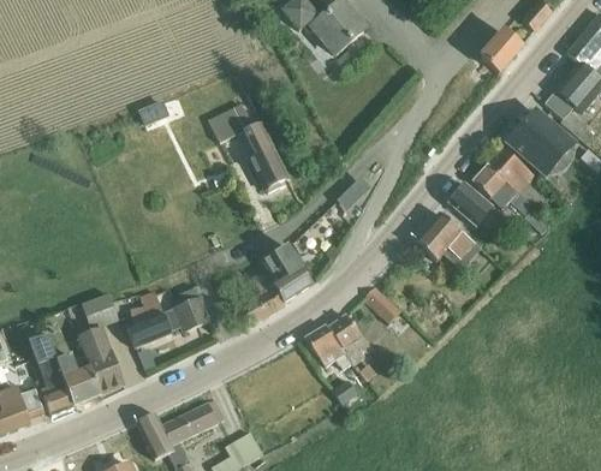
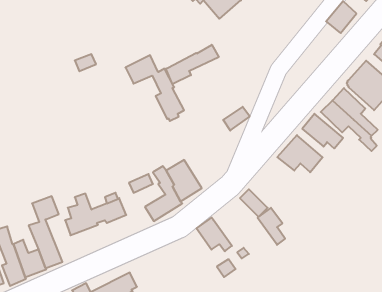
building: none -> [166,45,219,84]
building: [327,314,364,364] -> [258,208,285,245]

